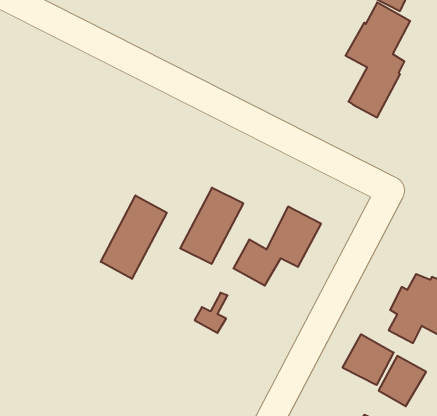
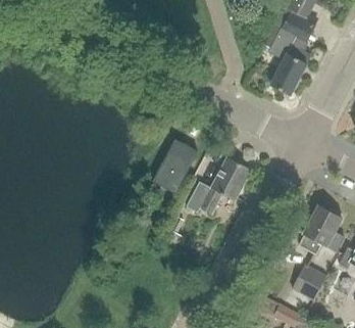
building: [101,195,167,279] -> none
building: [343,334,394,385] -> none

